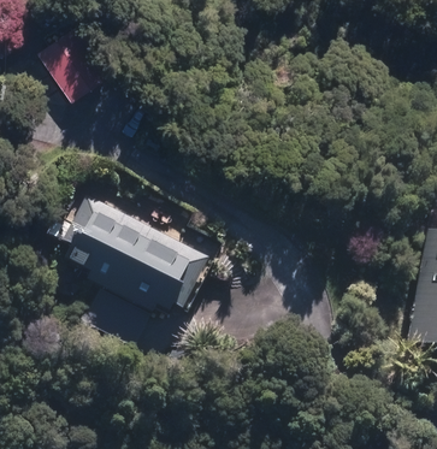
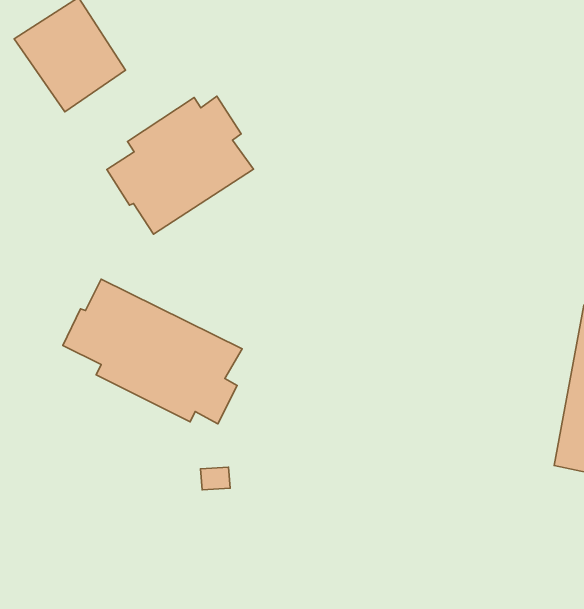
building: none -> [107,96,254,234]

